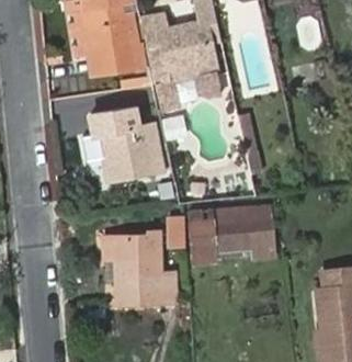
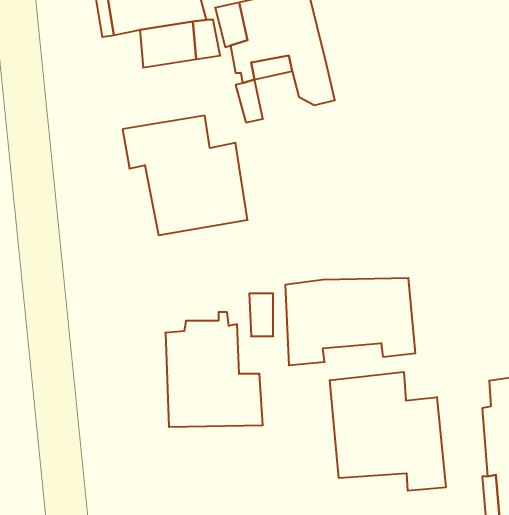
building: none -> [330,372,446,491]

